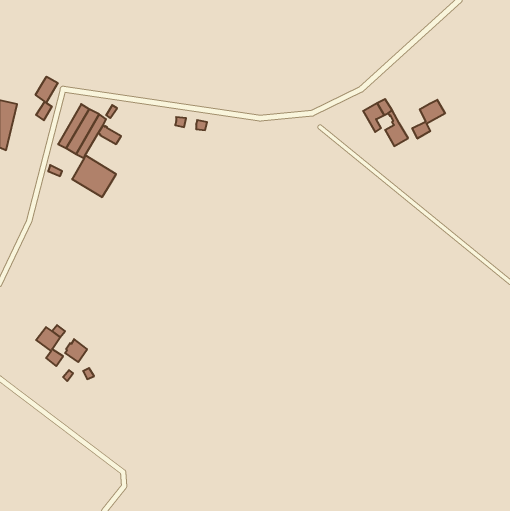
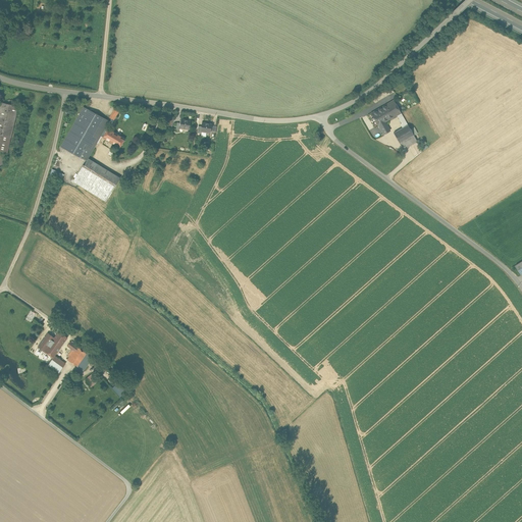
building: [36,77,58,120] -> none
building: [412,100,445,139] -> none

